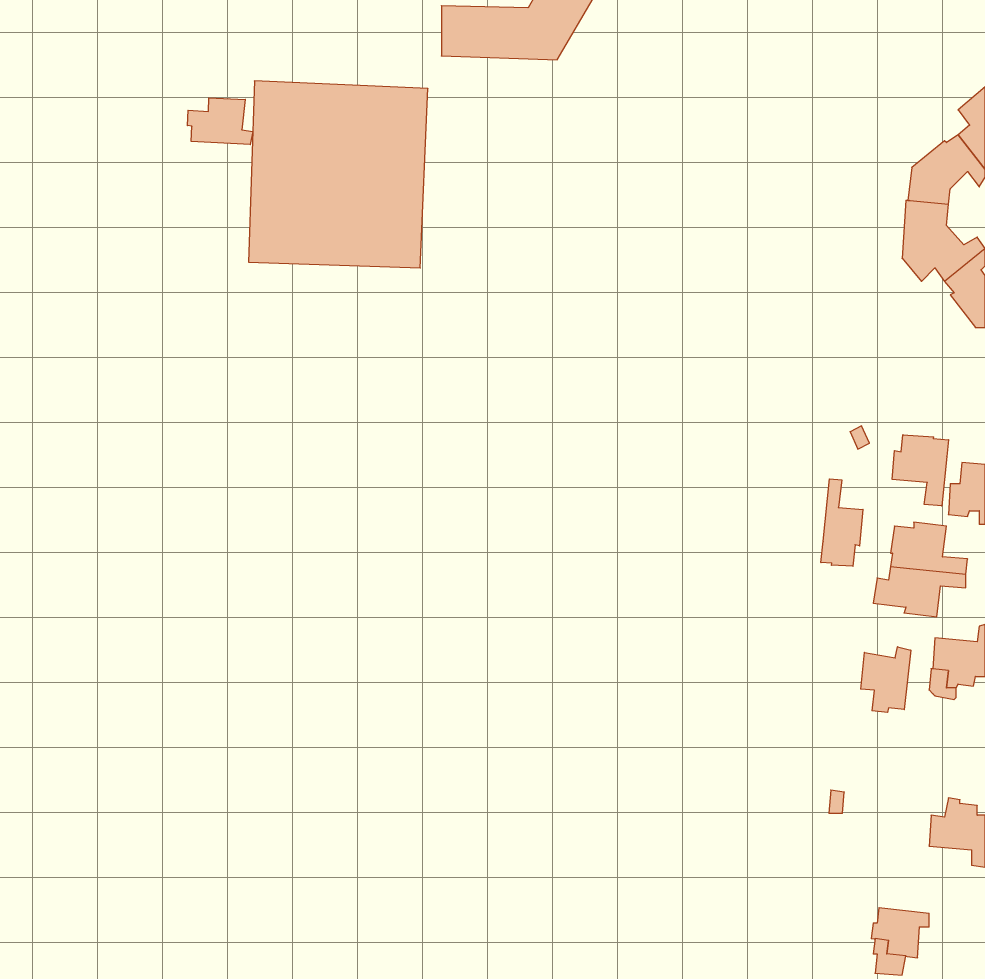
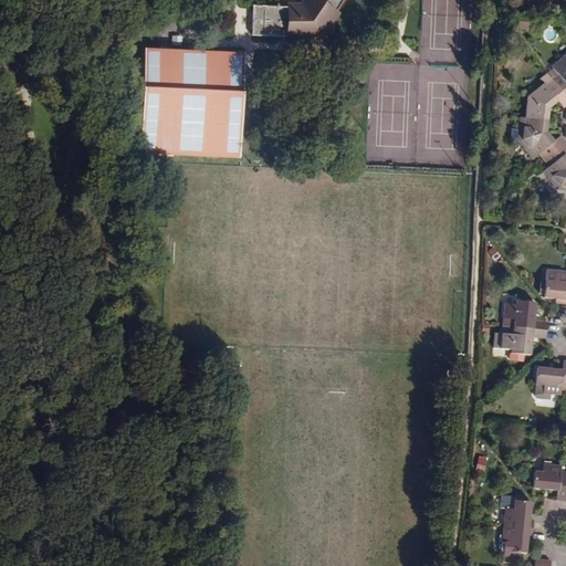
building: [187,98,253,145] -> none
building: [892,435,949,506] -> none
building: [821,479,863,566] -> none
building: [861,647,911,712] -> none
building: none -> [502,495,534,524]

